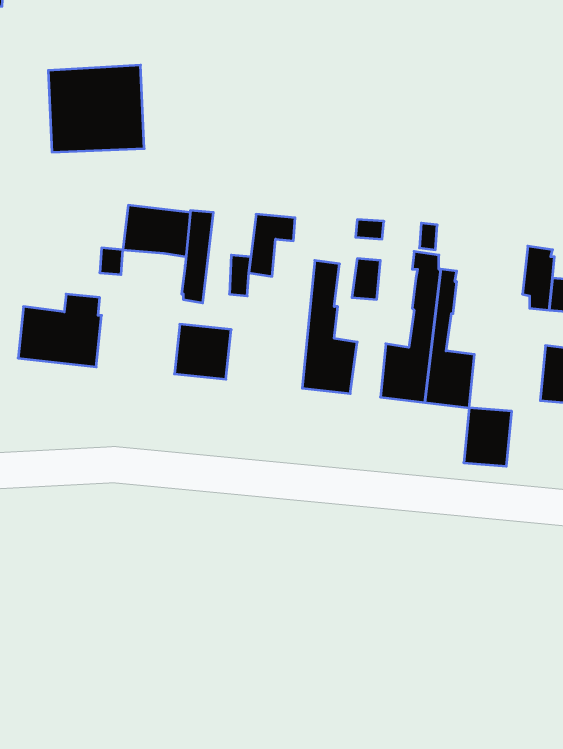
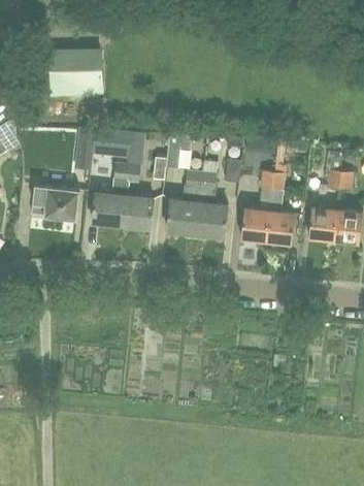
building: none -> [92,162,128,226]
building: none -> [166,169,202,234]
building: [464,408,512,466] -> [309,207,337,241]

